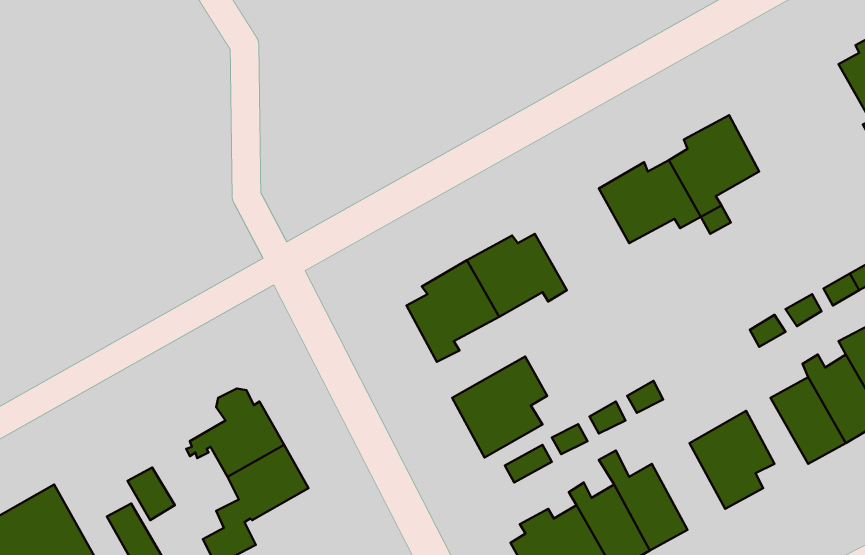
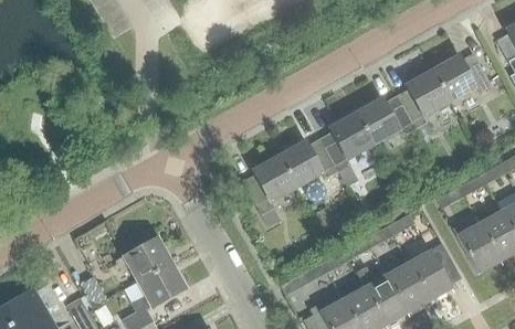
building: none -> [432,53,492,103]
building: none -> [318,113,374,172]
building: [452,356,547,458] -> none
building: none -> [387,262,430,312]

